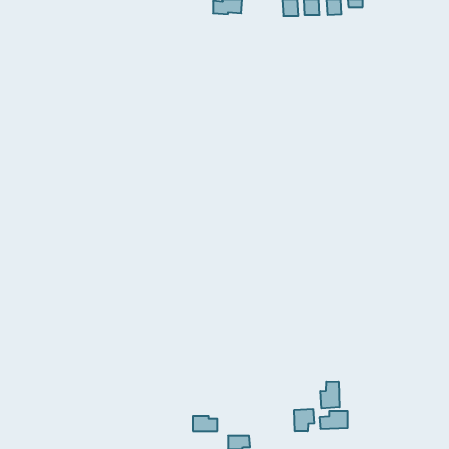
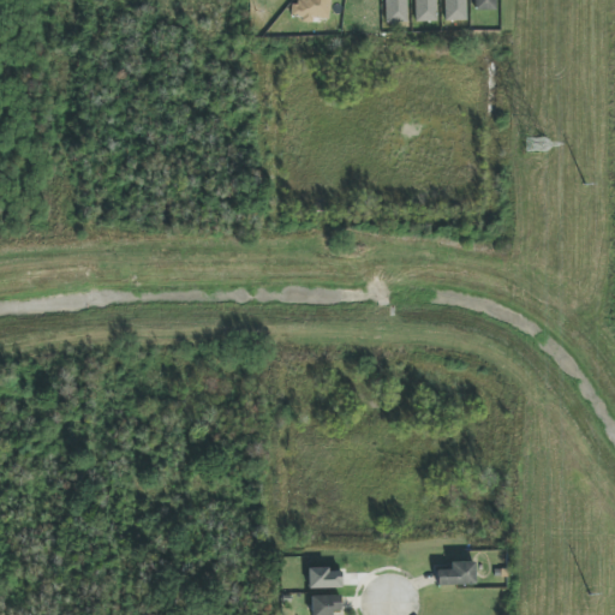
building: [320,382,340,408] -> none
building: [294,409,314,431] -> none
building: [193,416,217,431] -> [309,567,342,587]

